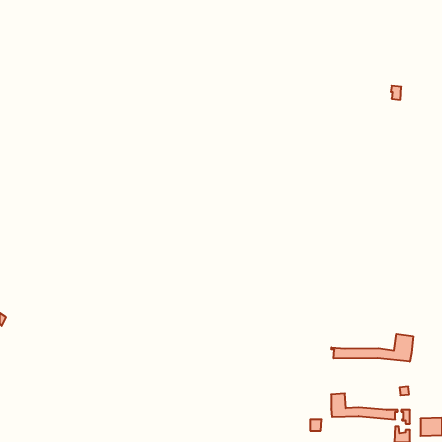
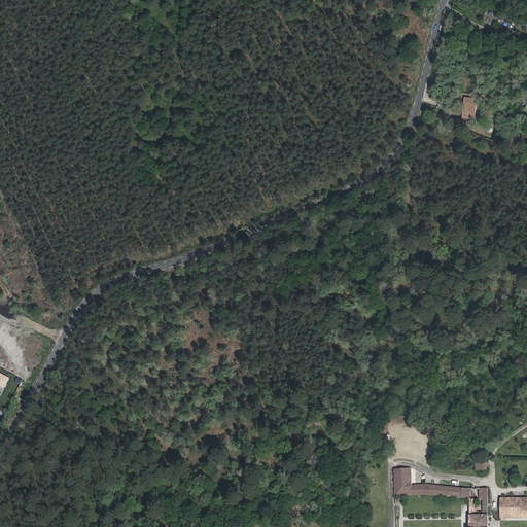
building: [331,334,413,362] -> none

